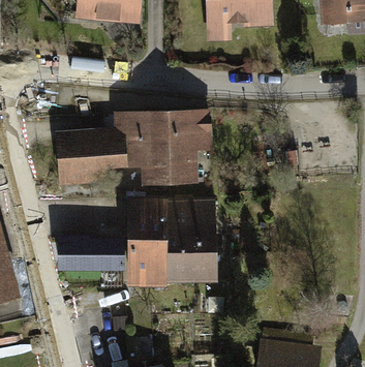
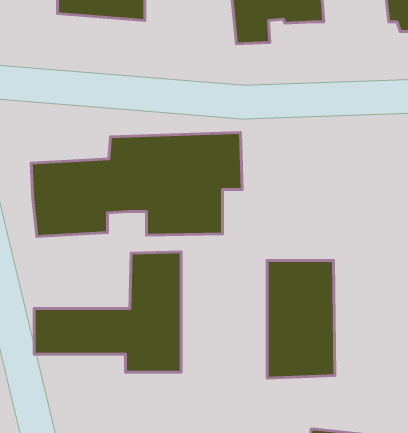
building: [168,196,218,284] -> [267,260,335,378]

